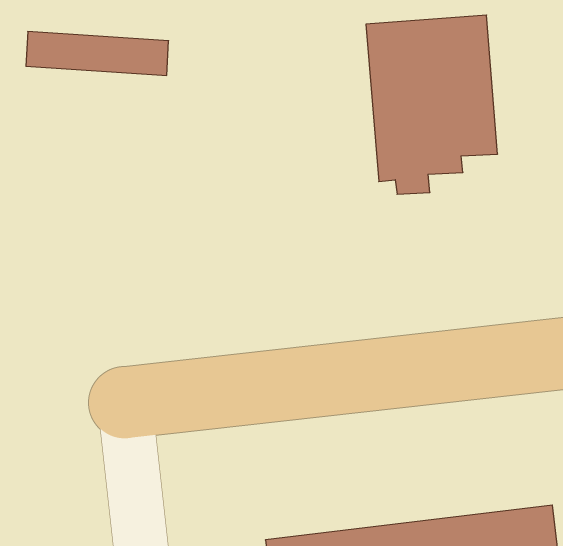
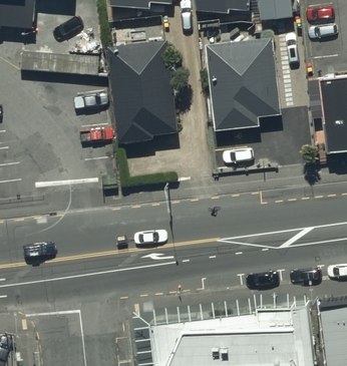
building: none -> [103,43,171,146]

